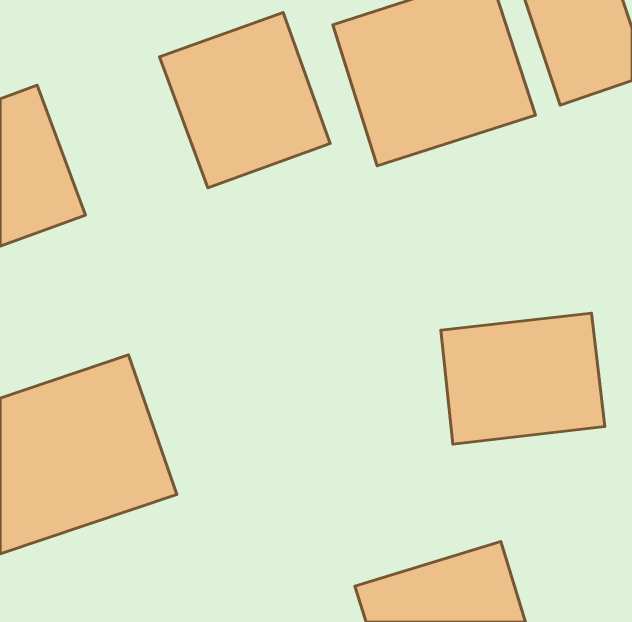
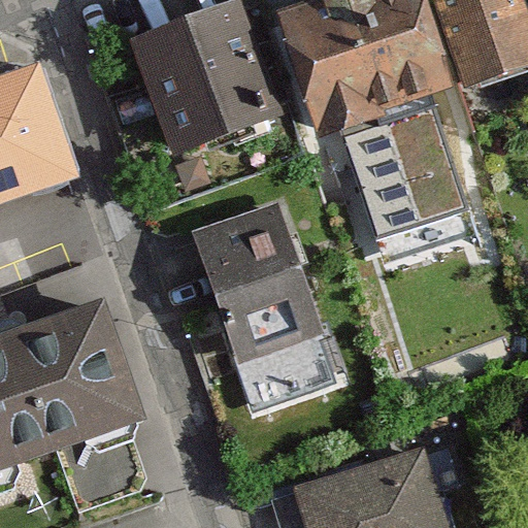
building: none -> [361,119,473,219]
building: none -> [191,200,341,411]
building: [441,313,605,444] -> none

